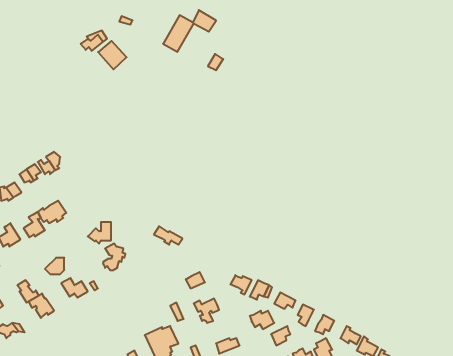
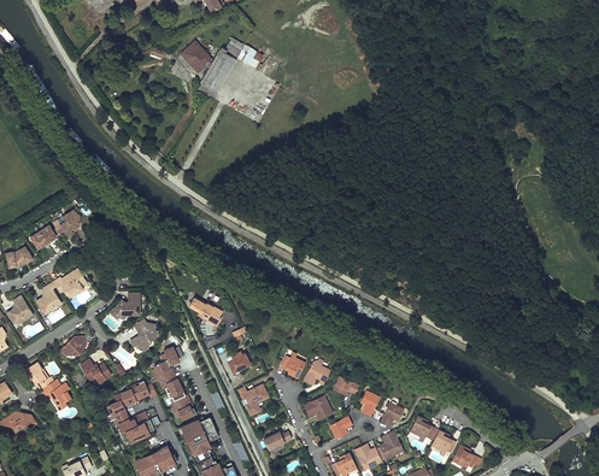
building: [98,41,127,69] -> [180,40,213,74]
building: none -> [151,345,196,419]
building: none -> [107,380,157,442]

